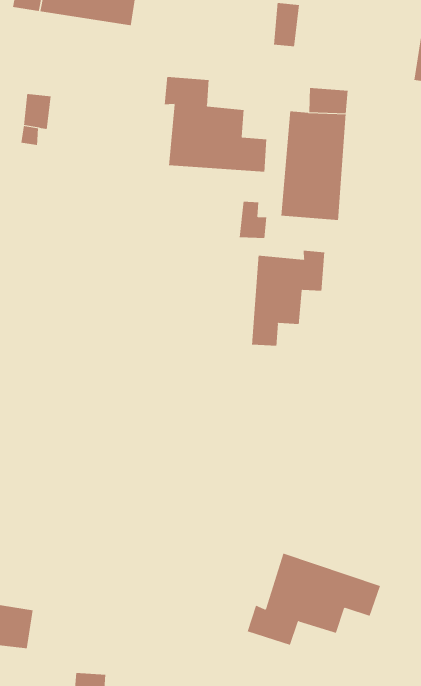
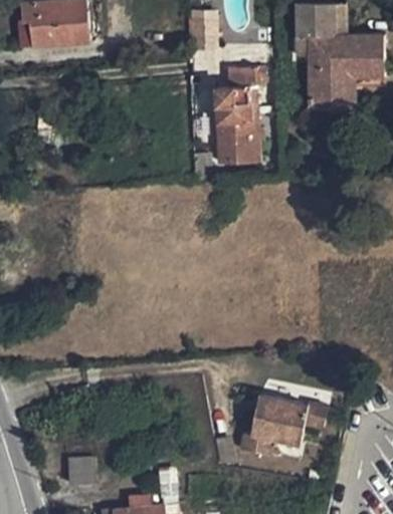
building: [164,76,267,173] -> none
building: [252,250,325,347] -> none

